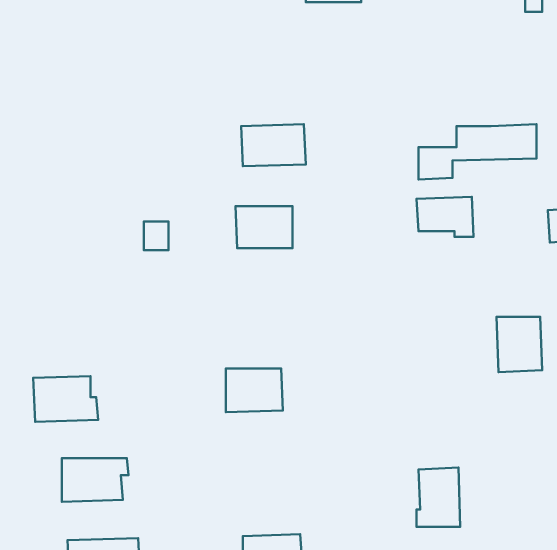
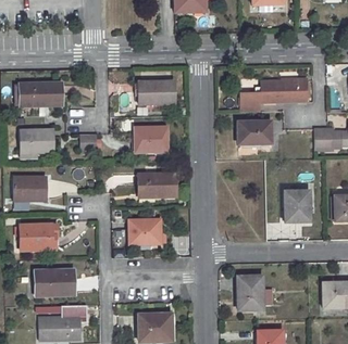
building: none -> [21,81,62,105]
building: none -> [21,128,53,151]
building: none -> [138,173,176,195]
building: none -> [14,176,47,200]

